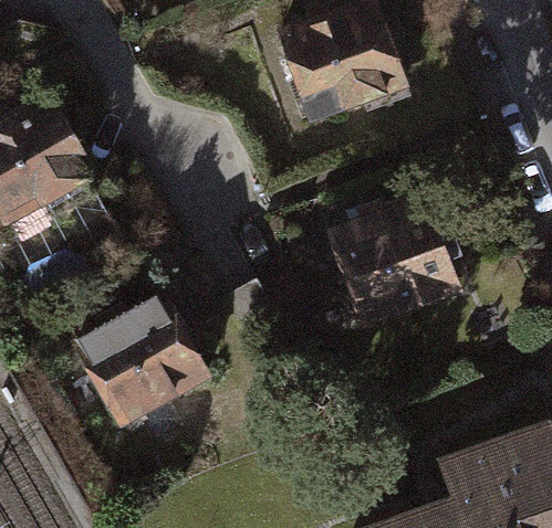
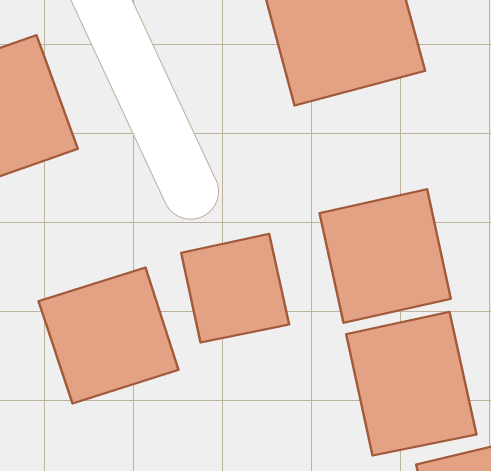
building: none -> [181,234,289,342]
building: none -> [346,312,477,456]

